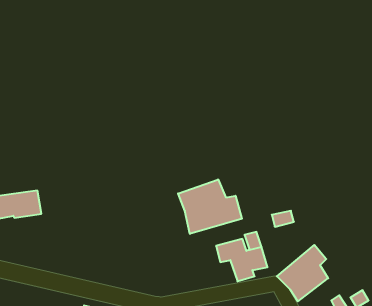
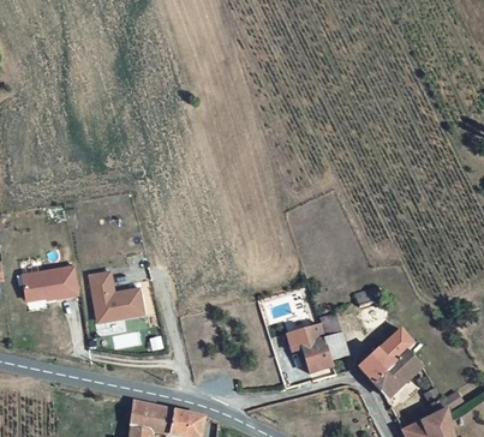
building: [178,179,242,234] -> none
building: none -> [90,270,143,319]

